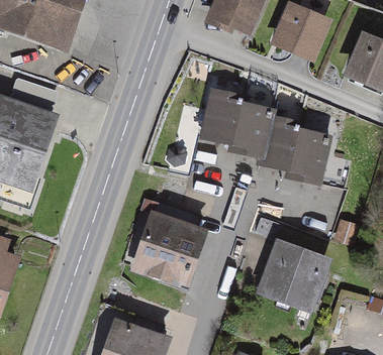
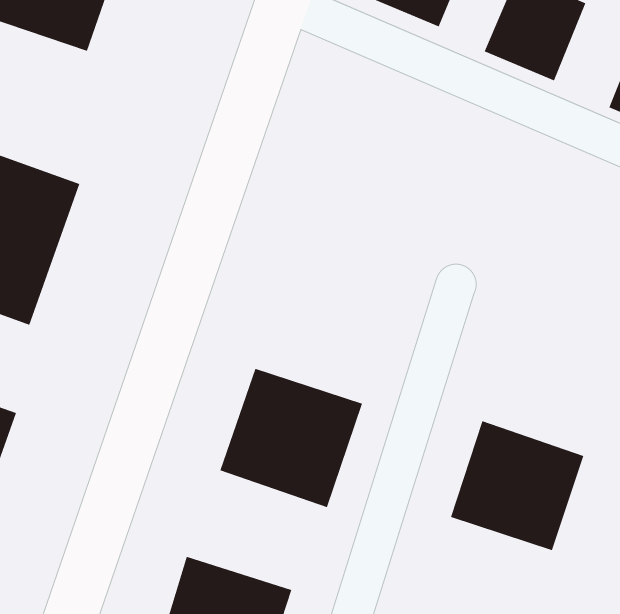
building: [207,81,340,177] -> none

